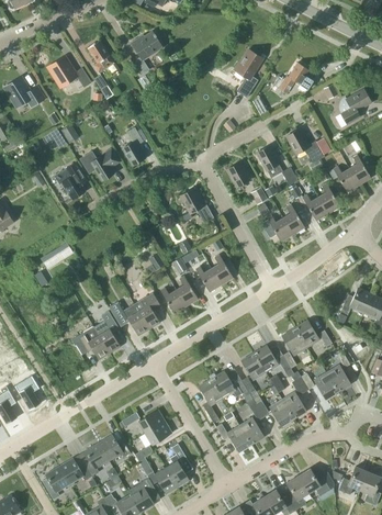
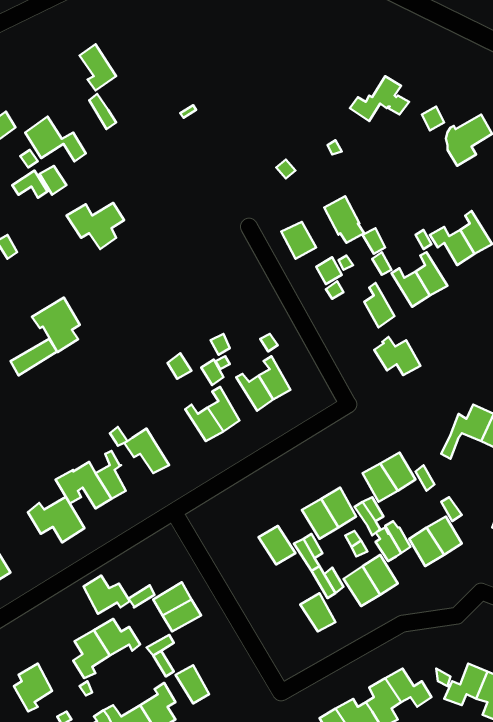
building: [132,32,161,75] -> none
building: [234,49,262,98] -> none
building: [49,57,91,88] -> [25,117,86,161]
building: [122,127,147,166] -> none
building: [285,128,324,163] -> none
building: [54,163,87,200] -> [32,298,80,352]
building: [180,188,214,223] -> none
building: [261,215,293,242] -> [374,337,421,375]
building: [134,293,161,329] -> none
building: none -> [28,497,85,542]
building: [199,379,223,423] -> none
building: [216,423,251,452] -> none
building: [166,444,189,486] -> none
building: [59,458,91,484] -> [84,575,130,614]

